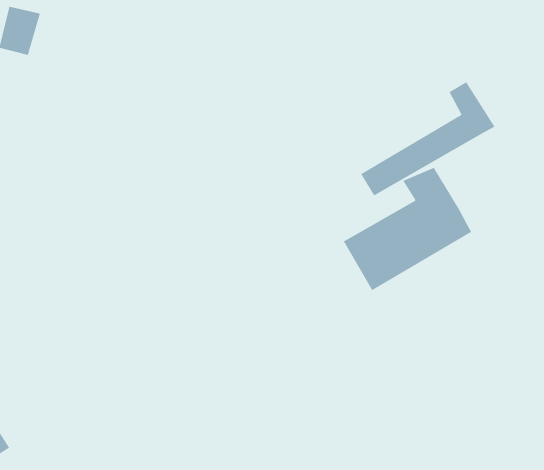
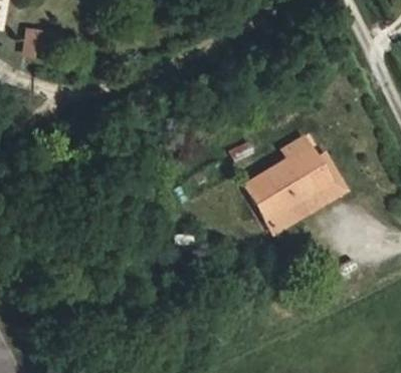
building: [360,81,496,197] -> [263,156,353,233]

